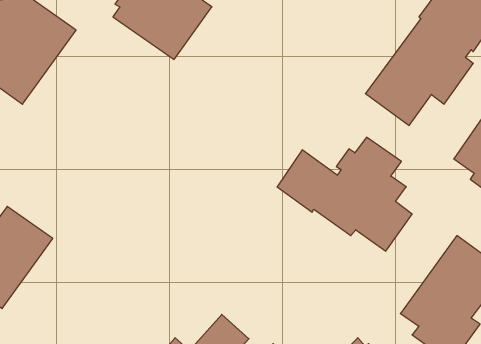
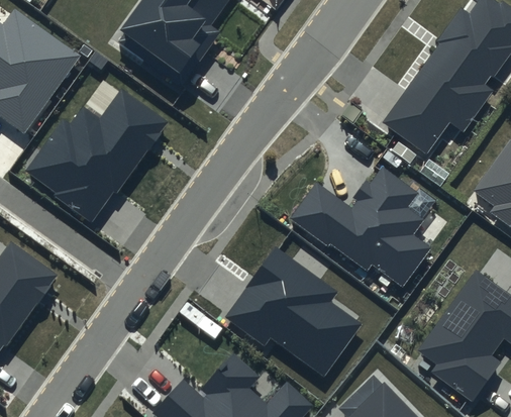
building: none -> [22,86,167,220]
building: none -> [225,246,361,376]

